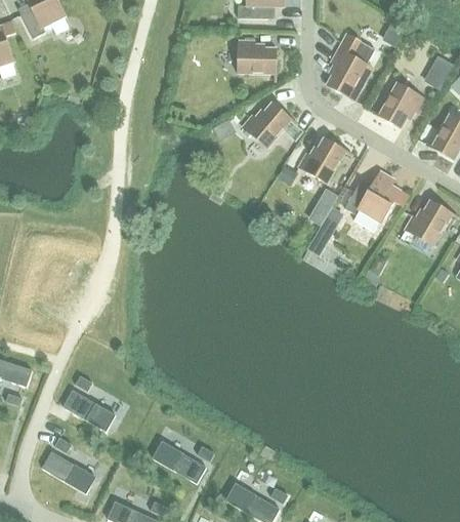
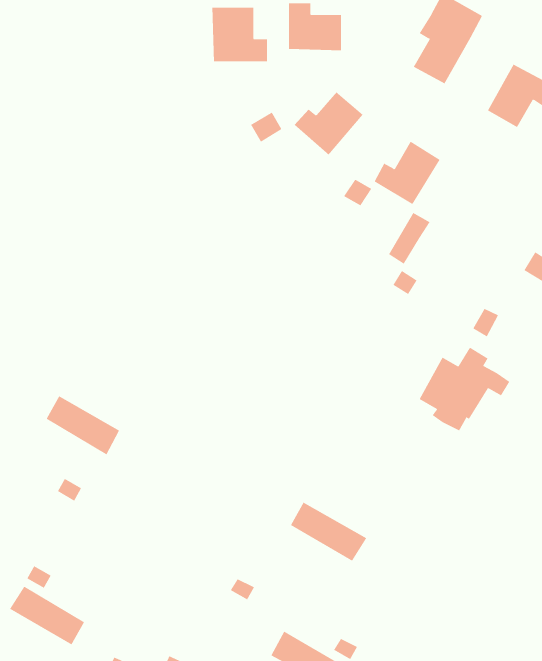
building: none -> [212,7,267,62]
building: [344,170,409,230] -> [419,347,510,431]
building: [62,389,115,431] -> [46,396,120,455]
building: [152,440,206,482] -> [290,502,367,561]

